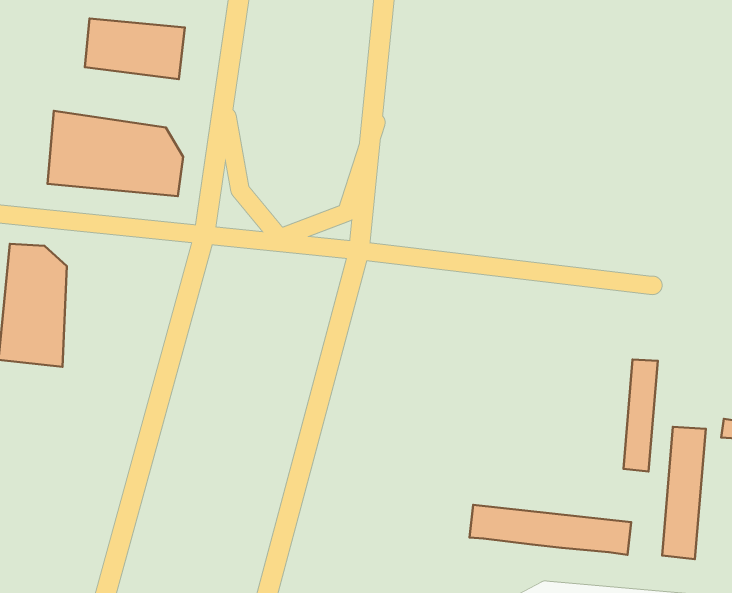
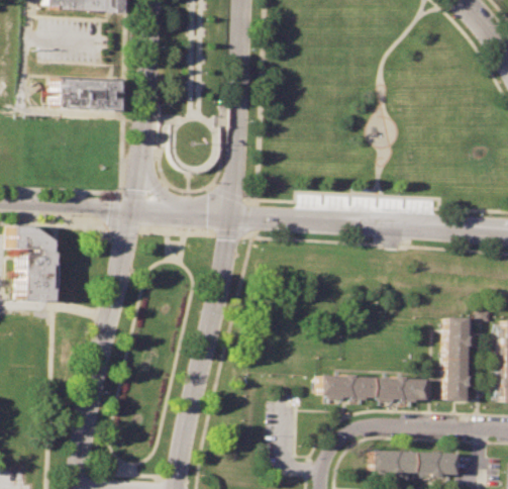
building: [48,111,183,196] -> none
building: [623,359,658,471] -> none

